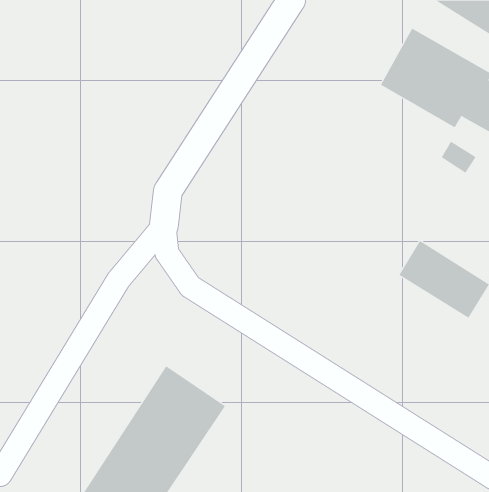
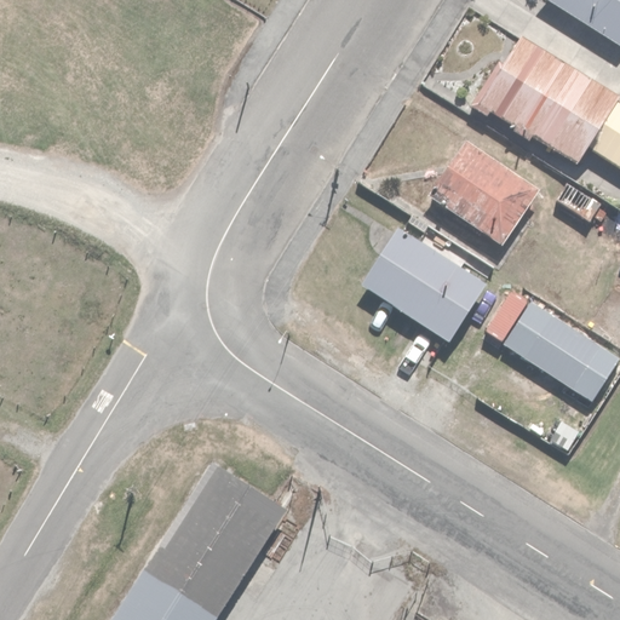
building: none -> [430,140,538,242]
building: none -> [361,225,487,341]

